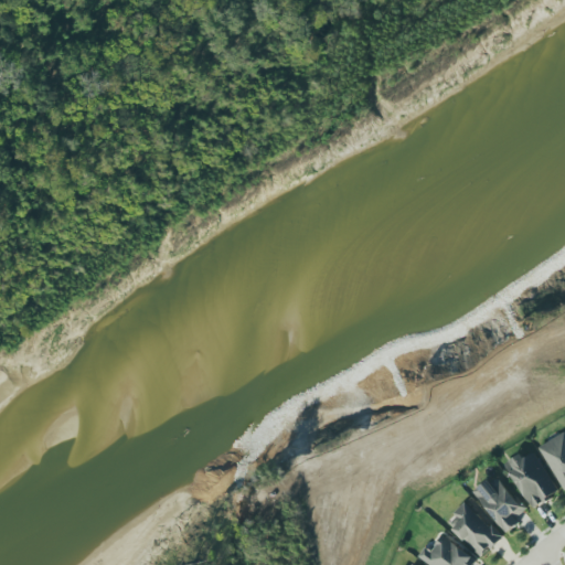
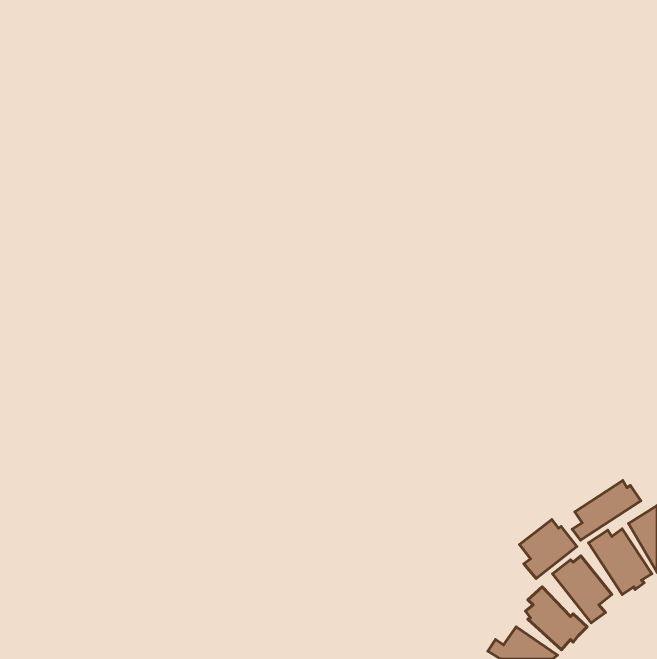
building: none -> [572,481,641,540]
building: none -> [519,519,577,579]

